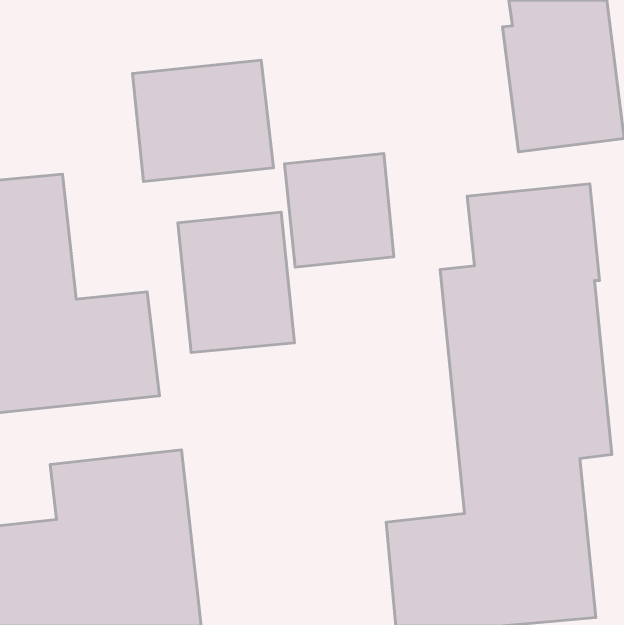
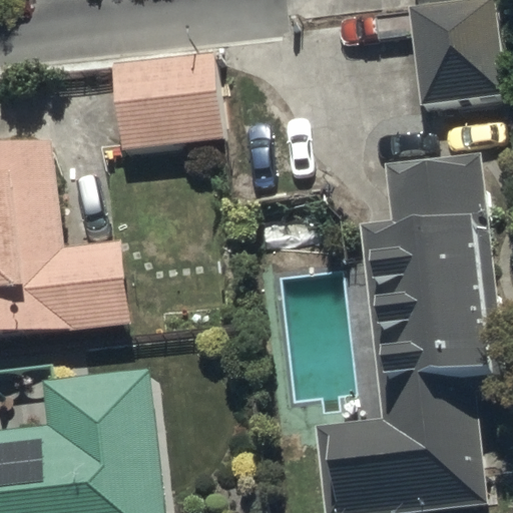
building: [284,154,394,267] -> none
building: [178,212,295,353] -> none

